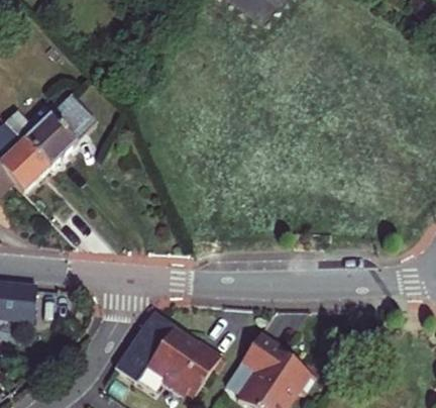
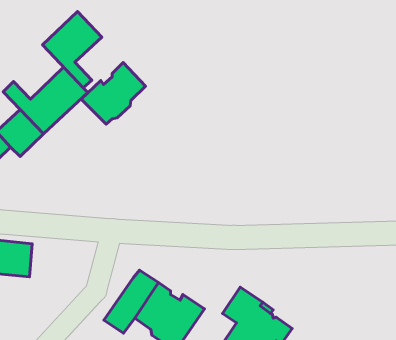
building: none -> [43,11,102,88]
building: none -> [81,63,145,124]

